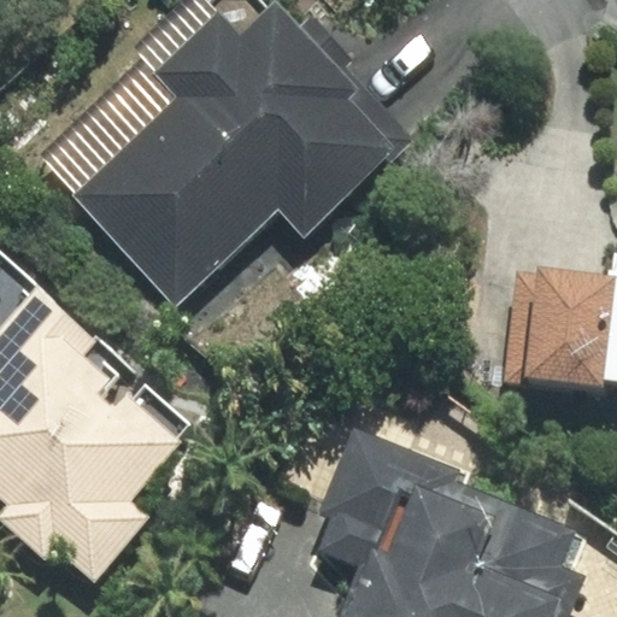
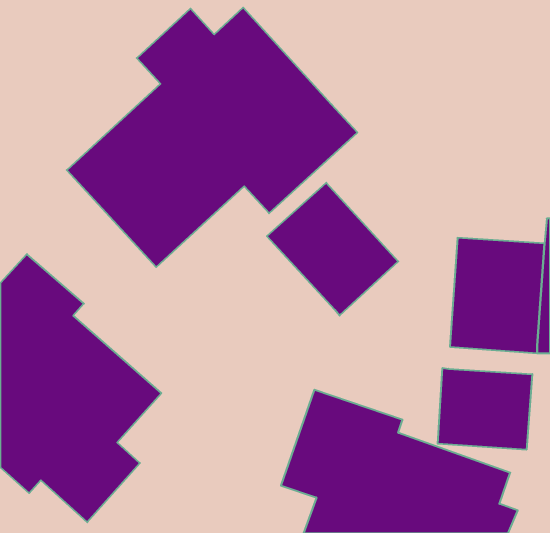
building: none -> [267,183,398,316]
building: none -> [438,368,532,450]

